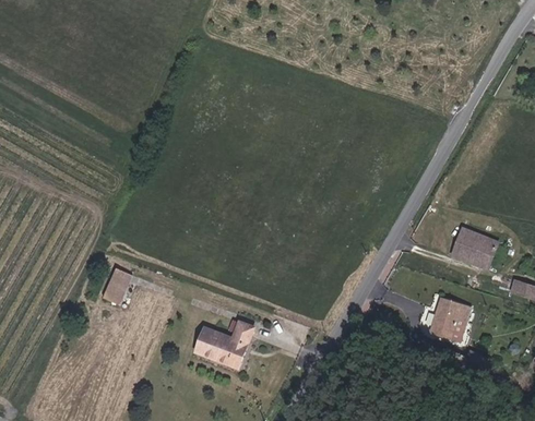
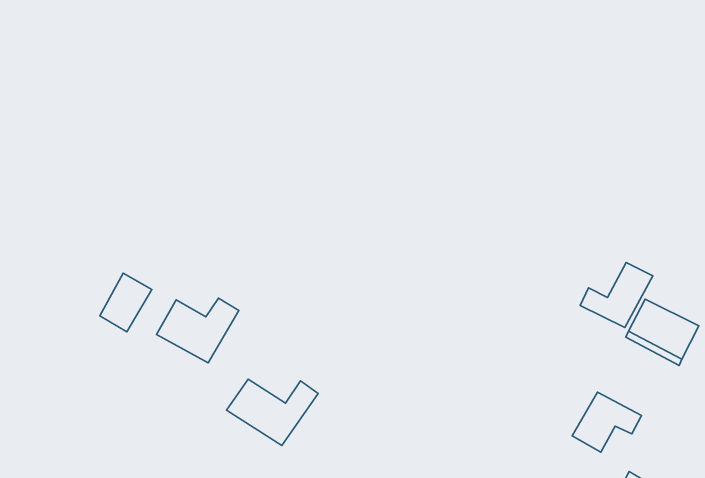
building: none -> [580,262,653,327]
building: none -> [157,298,239,363]

